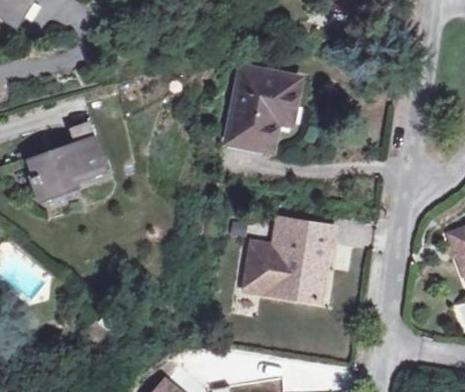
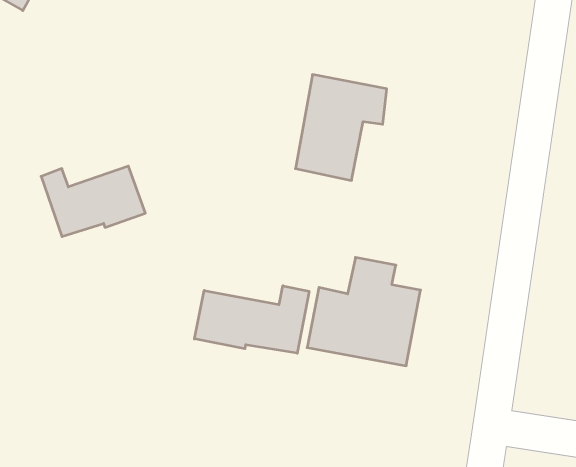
building: none -> [194,286,309,353]

